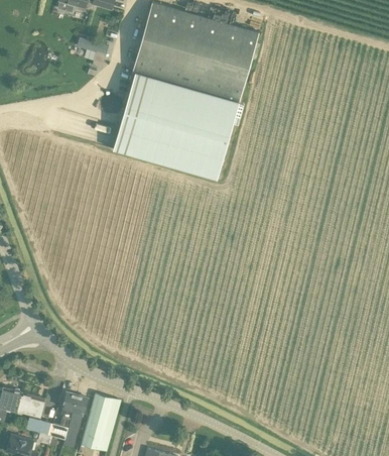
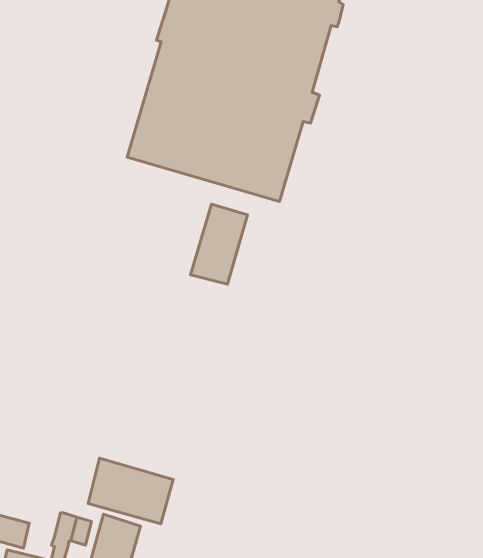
building: none -> [191,204,248,284]
building: none -> [88,458,173,524]

